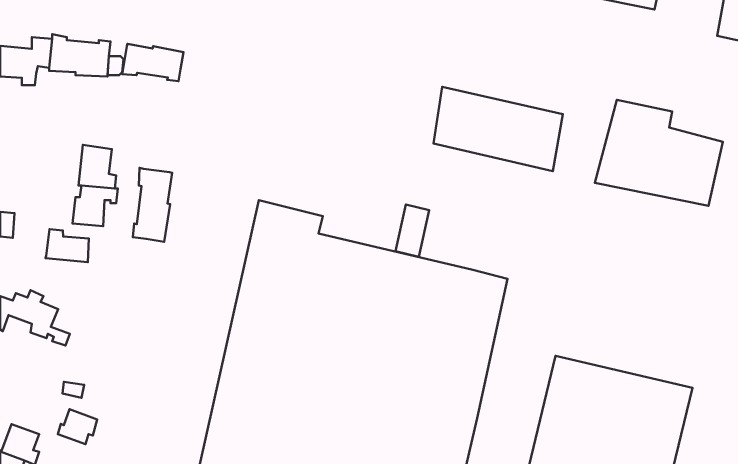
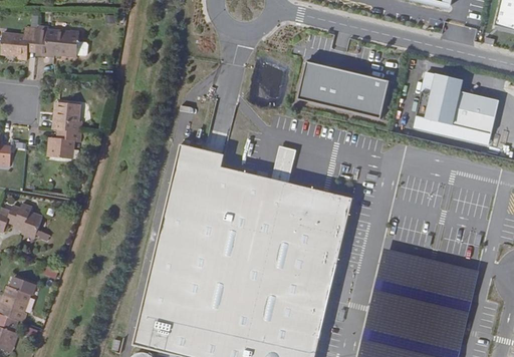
building: [122,44,184,81] -> none
building: [133,168,172,242] -> none
building: [46,229,89,262] -> none
building: [58,409,97,444] -> [8,278,35,302]

